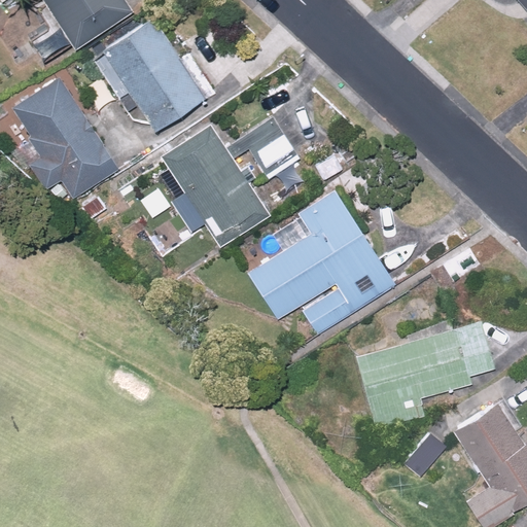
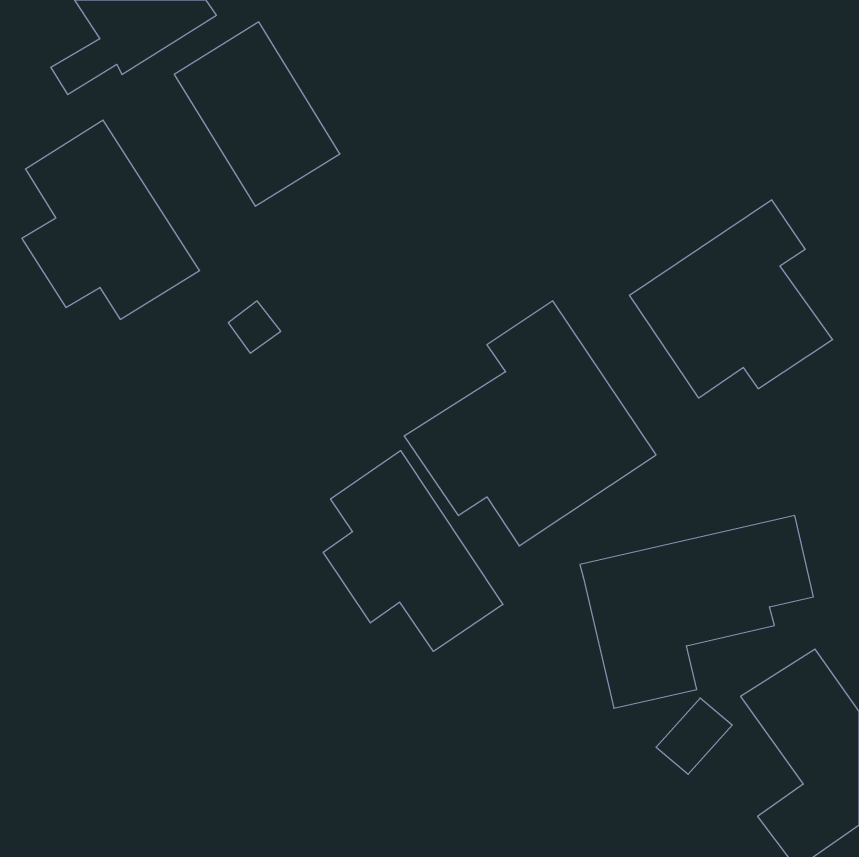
building: [155,116,301,250] -> none
building: none -> [629,200,833,398]
building: none -> [323,451,503,651]

